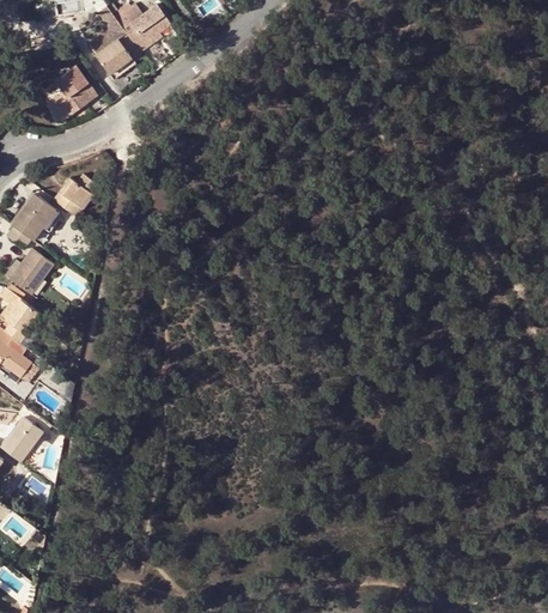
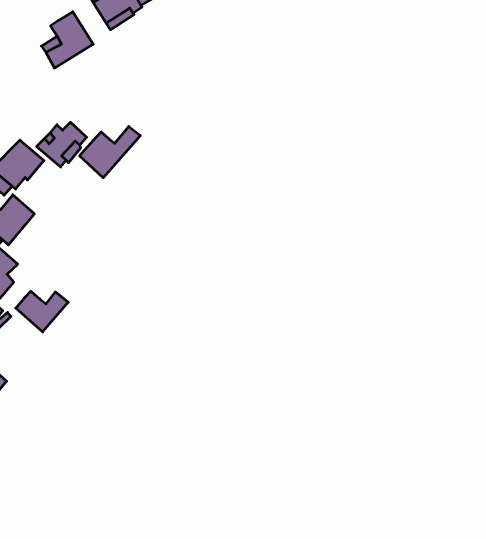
building: none -> [80,126,140,178]
building: none -> [16,291,68,332]

